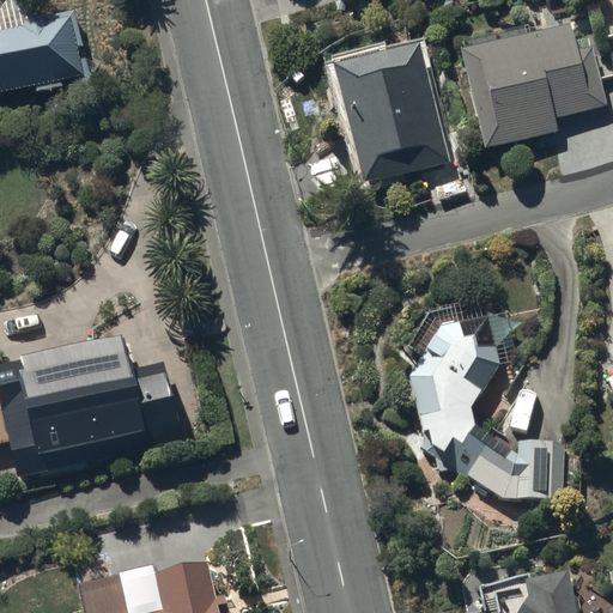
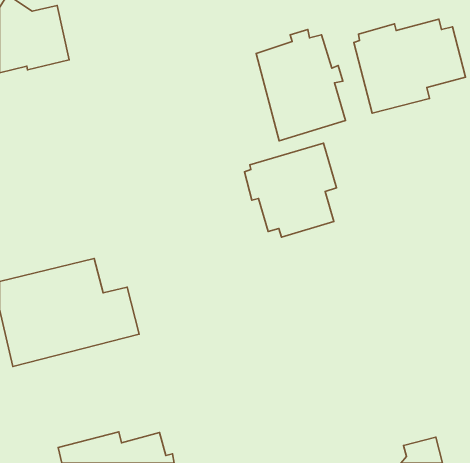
building: none -> [244,143,336,237]
building: [408,293,564,496] -> none

